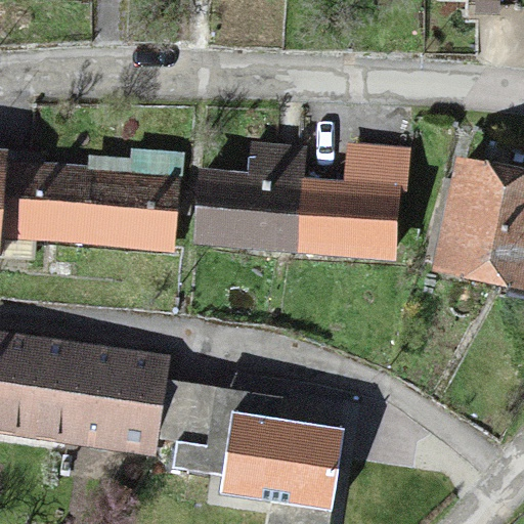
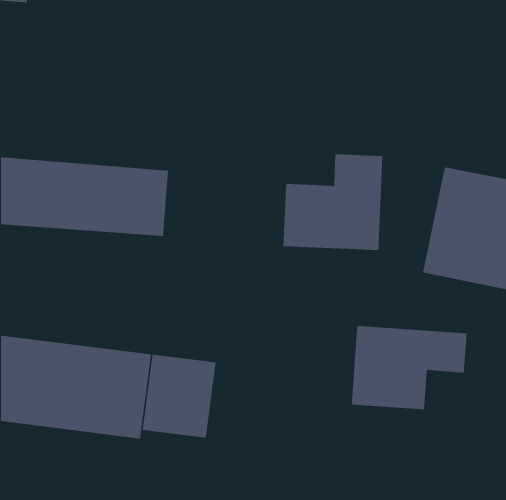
building: [194,145,299,253] -> none
building: none -> [351,325,467,410]
building: [214,372,323,485] -> none

